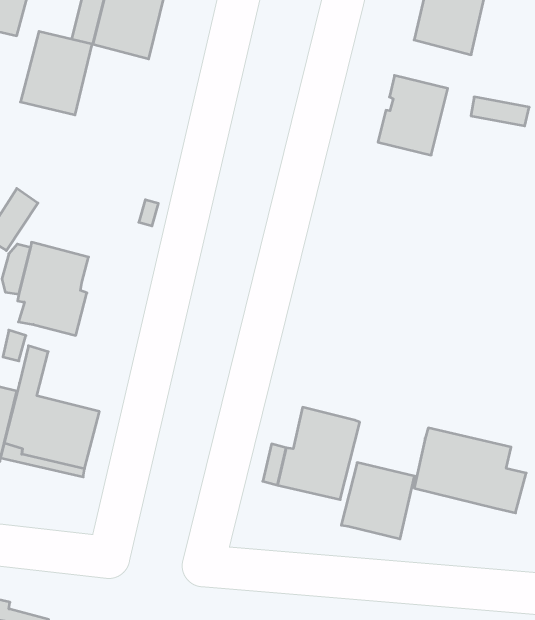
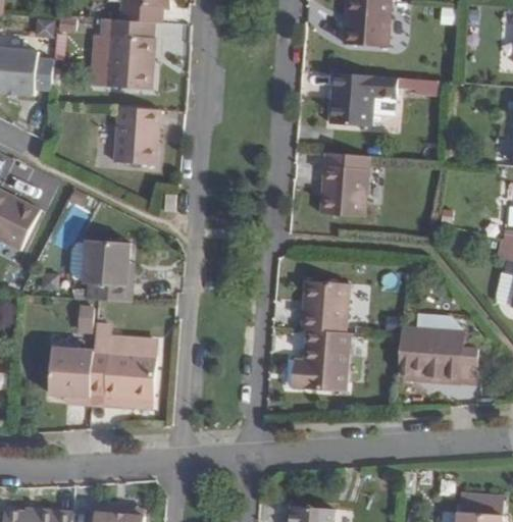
building: [20,31,92,115] -> [114,106,160,163]
building: none -> [321,166,368,217]
building: [341,463,415,539] -> [301,279,349,330]

